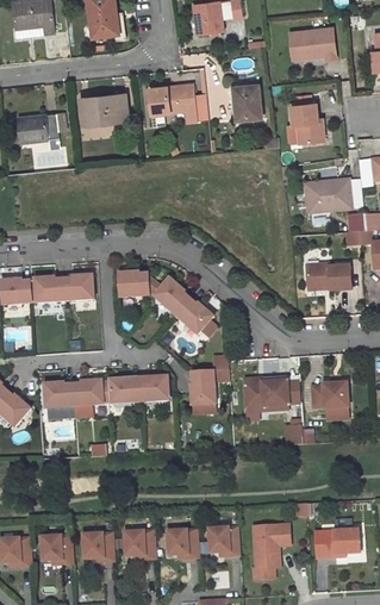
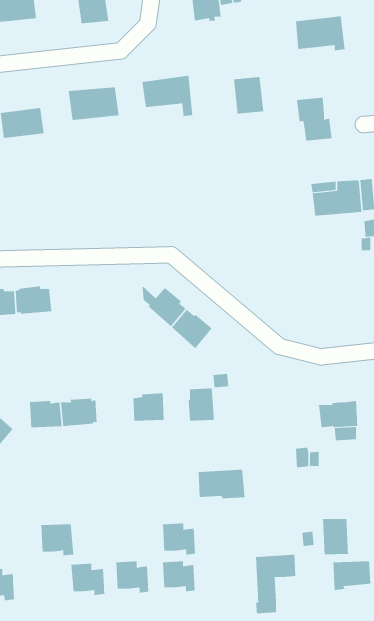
building: [306,264,351,291] -> none
building: [122,272,149,297] -> none
building: [63,274,94,300] -> none
building: [106,378,141,404] -> none
building: [242,381,286,408] -> [198,469,245,499]
building: none -> [322,518,349,555]
building: [208,526,239,556] -> [162,523,196,555]
building: [42,535,73,565] -> [40,524,74,556]

